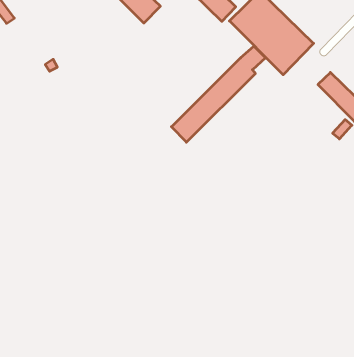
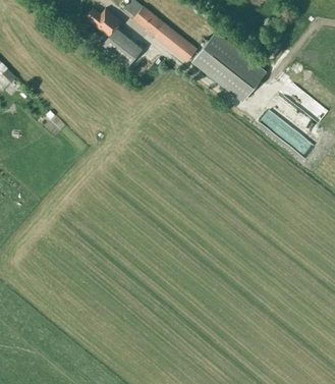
building: [171,46,266,142] -> none
building: none -> [257,108,288,139]

